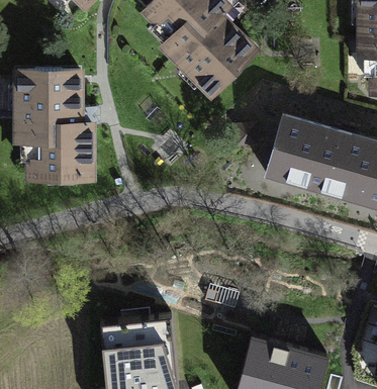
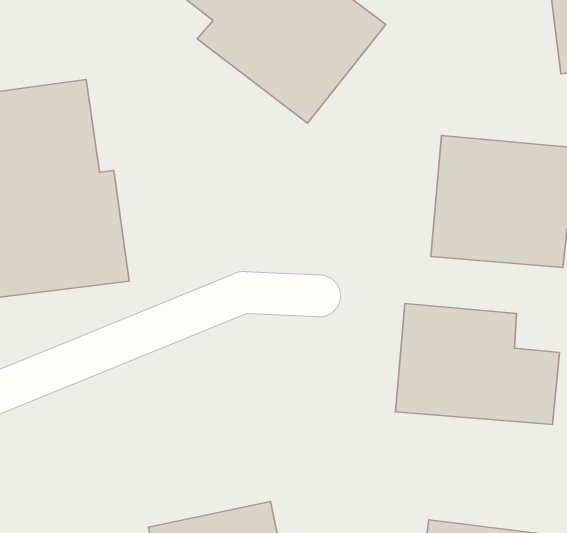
building: none -> [396,303,559,425]

